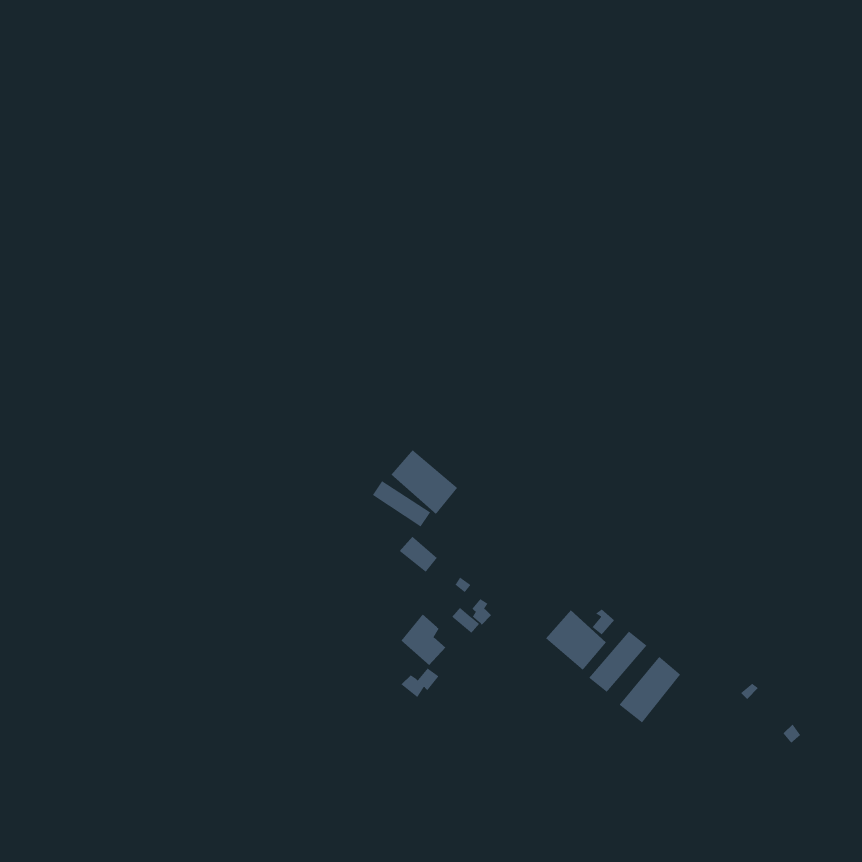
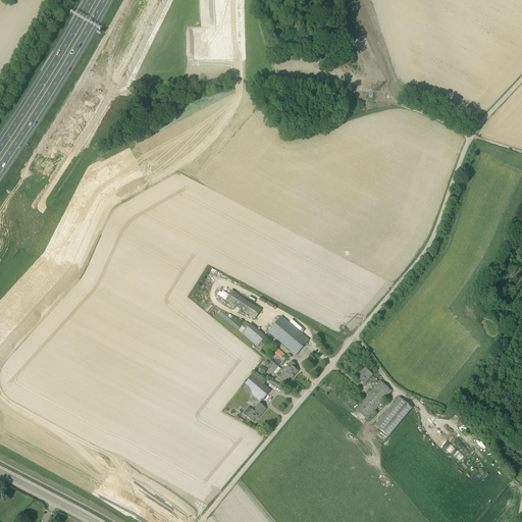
building: [390,449,458,515] -> [267,315,308,355]
building: [545,609,607,671] -> none

